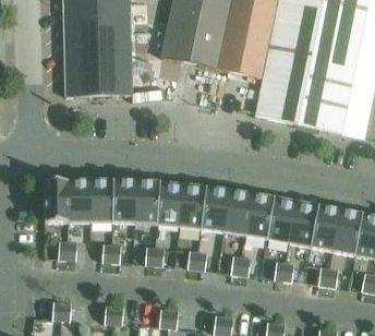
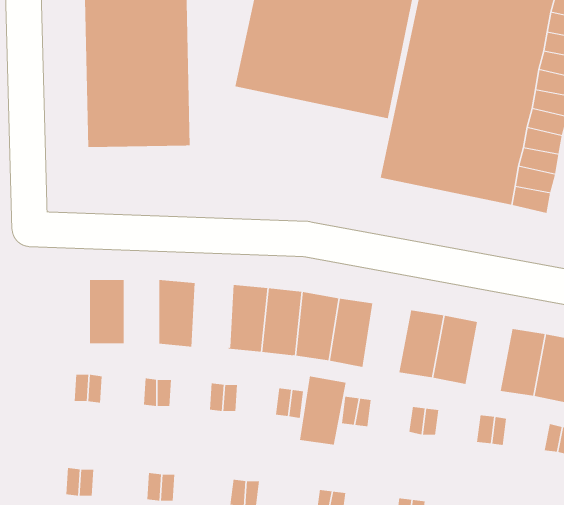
building: [44,181,68,223] -> none
building: [90,181,112,223] -> none
building: [134,183,160,226] -> none
building: [244,196,275,241] -> [299,376,346,445]
building: [311,208,340,253] -> none

